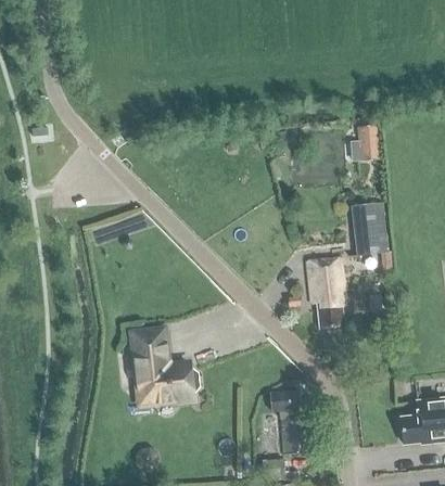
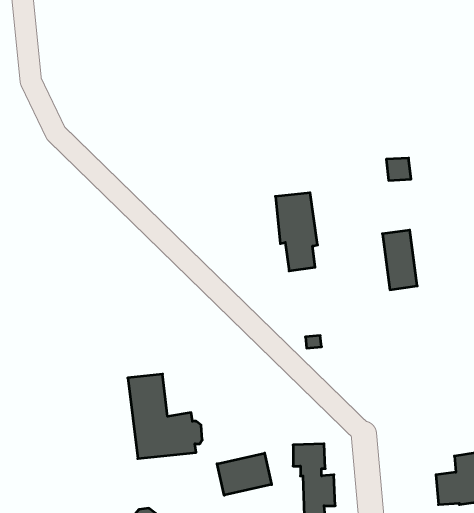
building: [308,259,345,328] -> [275,193,318,271]
building: none -> [217,453,272,495]

